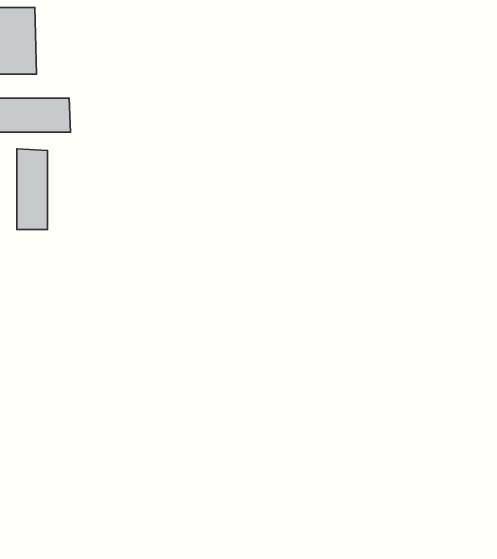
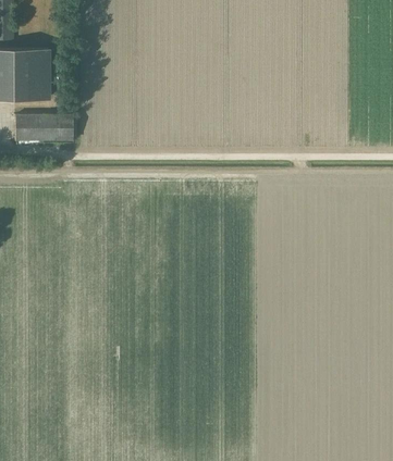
building: [17,149,47,230] -> none

